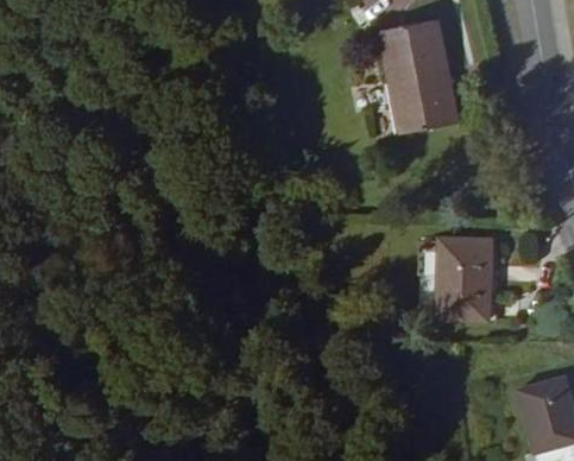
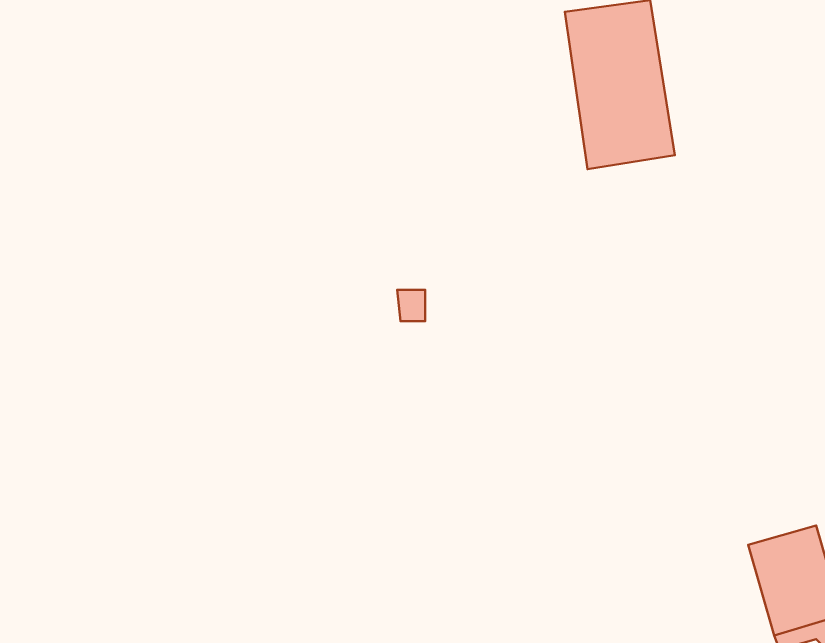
building: [430,239,482,317] -> none

